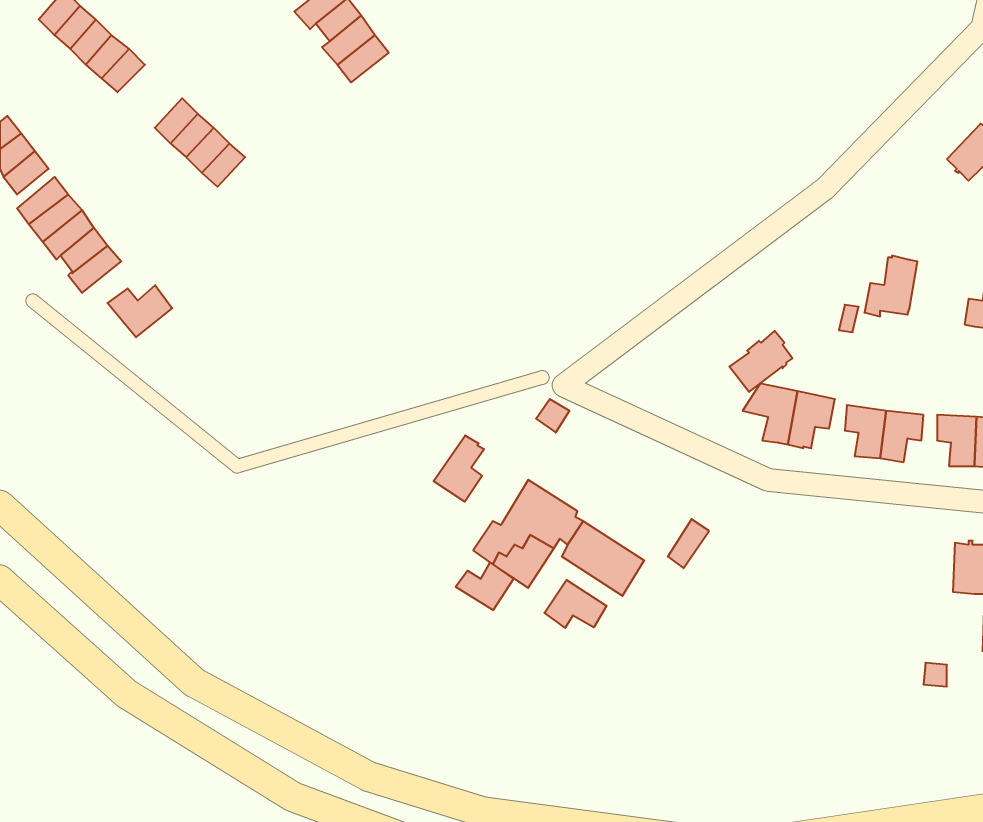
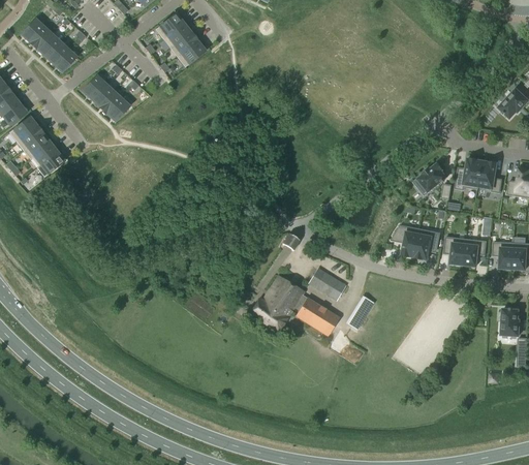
building: none -> [479,160,502,191]
building: [107,285,172,337] -> none
building: [729,331,792,392] -> [414,162,447,194]
building: [434,435,484,502] -> none
building: none -> [314,271,346,300]
building: [456,562,513,610] -> none
building: [544,580,607,628] -> none

